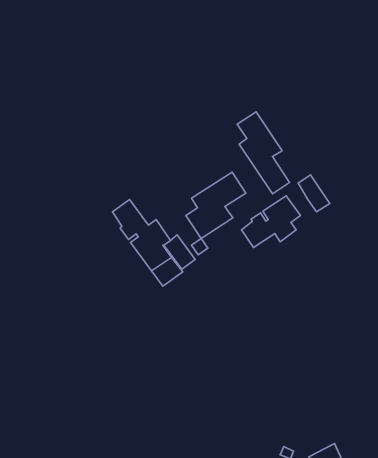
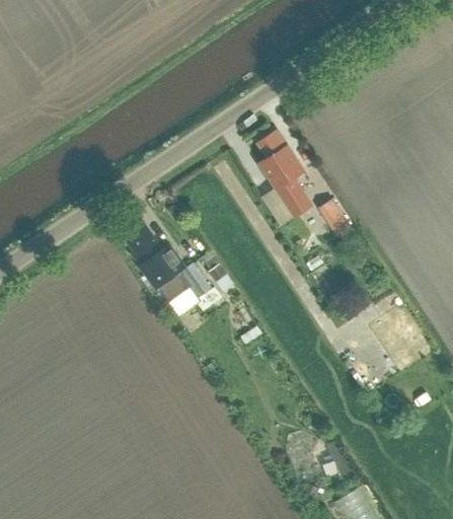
building: [186,172,246,239] -> none
building: [241,196,300,248] -> none

